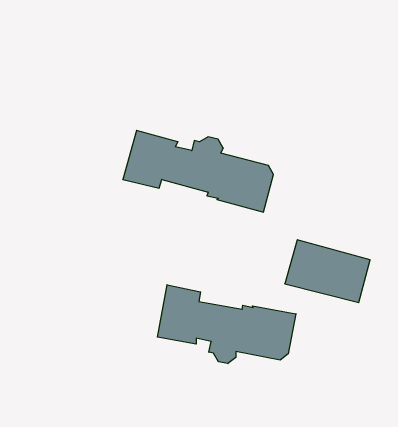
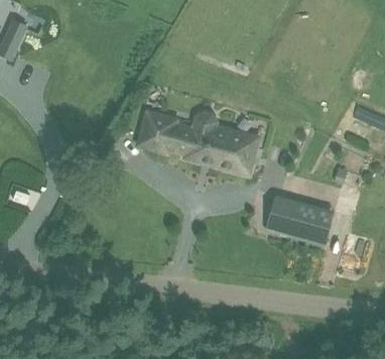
building: [157,285,296,364] -> none

